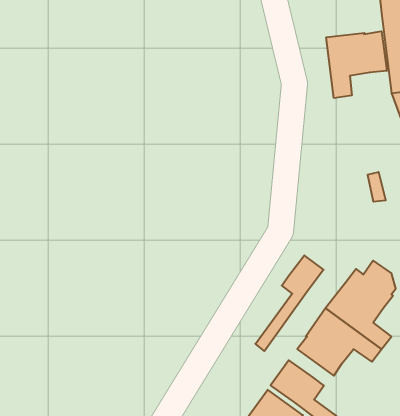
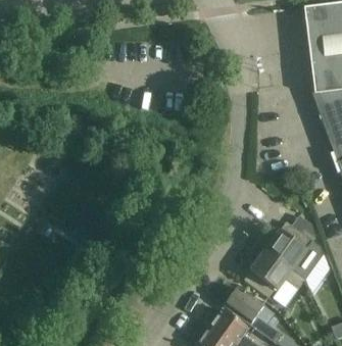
building: [326,31,387,98] -> none
building: [255,255,324,351] -> none

